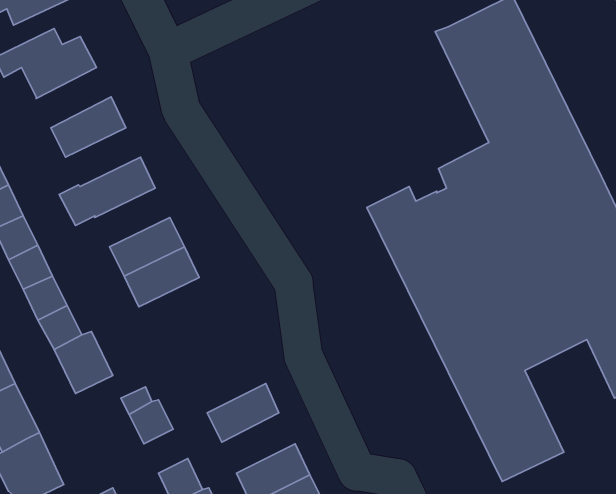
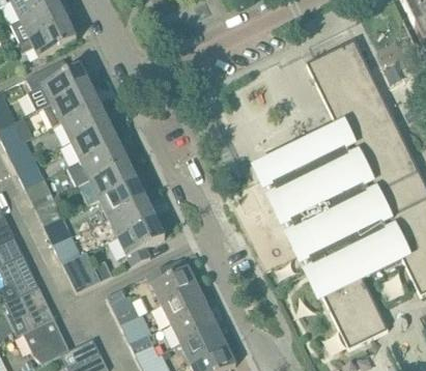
building: none -> [40,81,97,123]
building: none -> [68,119,116,156]
building: none -> [87,158,135,195]
building: none -> [115,215,163,261]
building: none -> [144,259,196,301]
building: none -> [168,301,215,339]
building: none -> [118,309,150,339]

